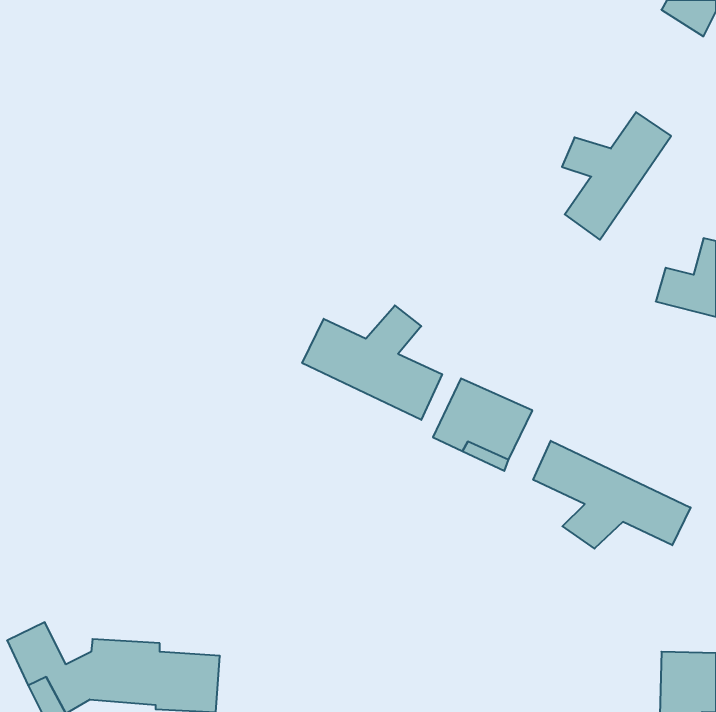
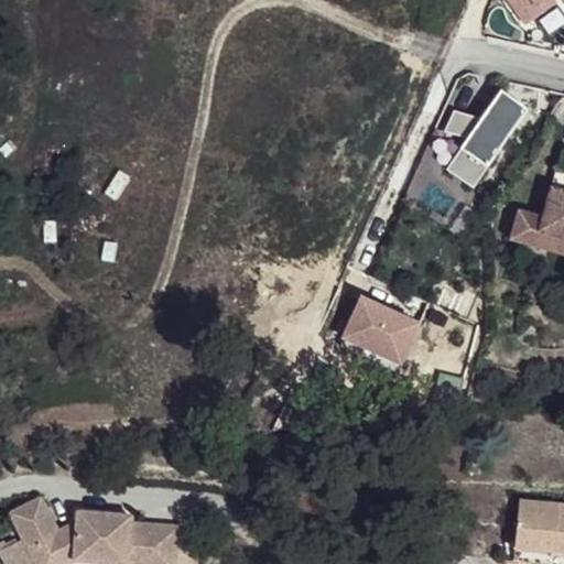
building: [302,305,442,420] -> none
building: [533,441,691,549] -> none

